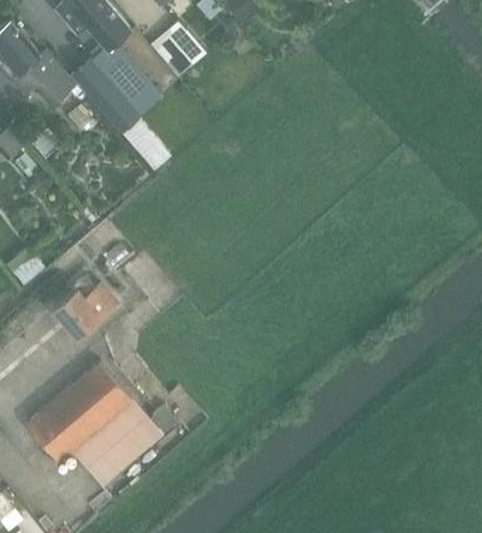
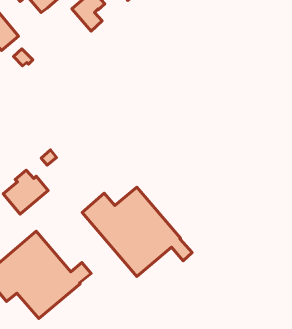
building: [70,44,161,132] -> none
building: none -> [82,187,192,277]

